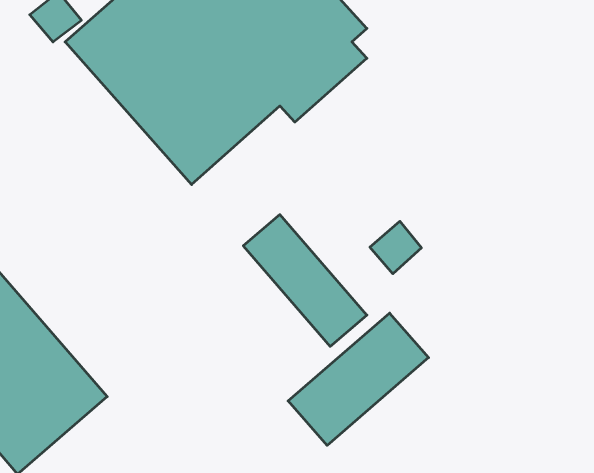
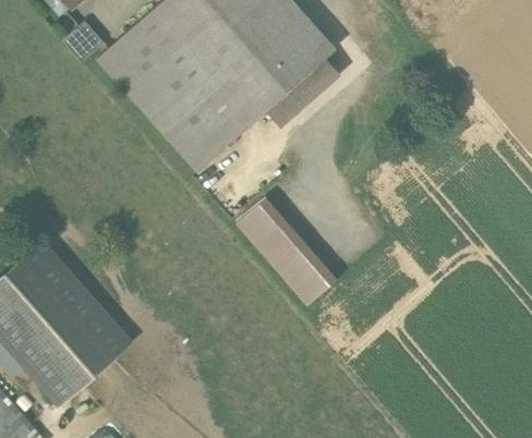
building: [370,221,421,274] -> none
building: [288,313,429,445] -> none

